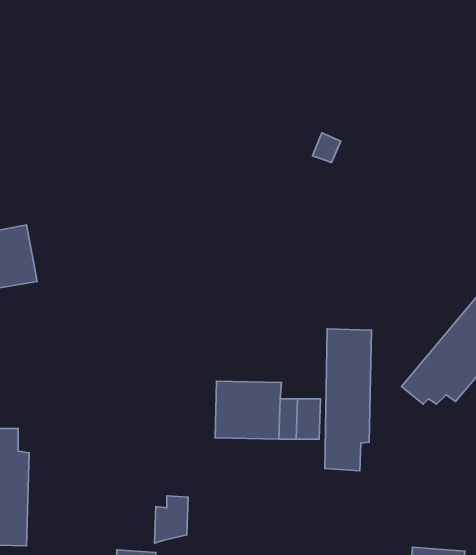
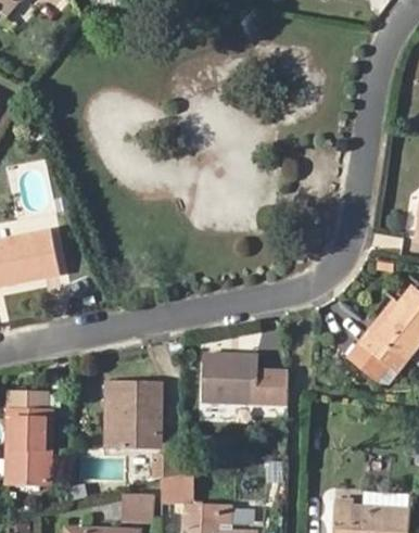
building: [325,329,372,471] -> none
building: none -> [102,381,163,448]

